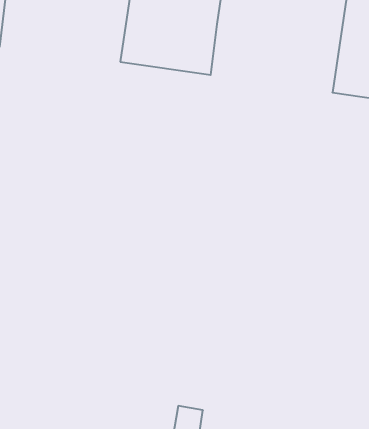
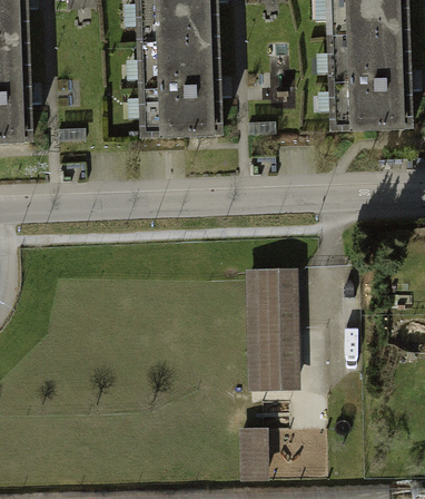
building: none -> [250,267,295,382]

